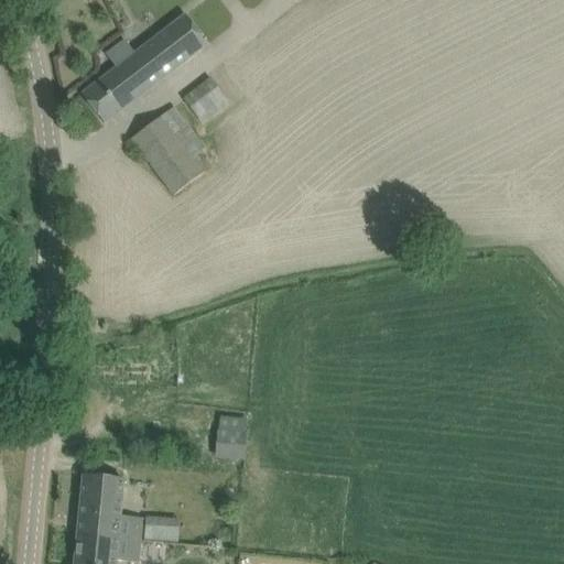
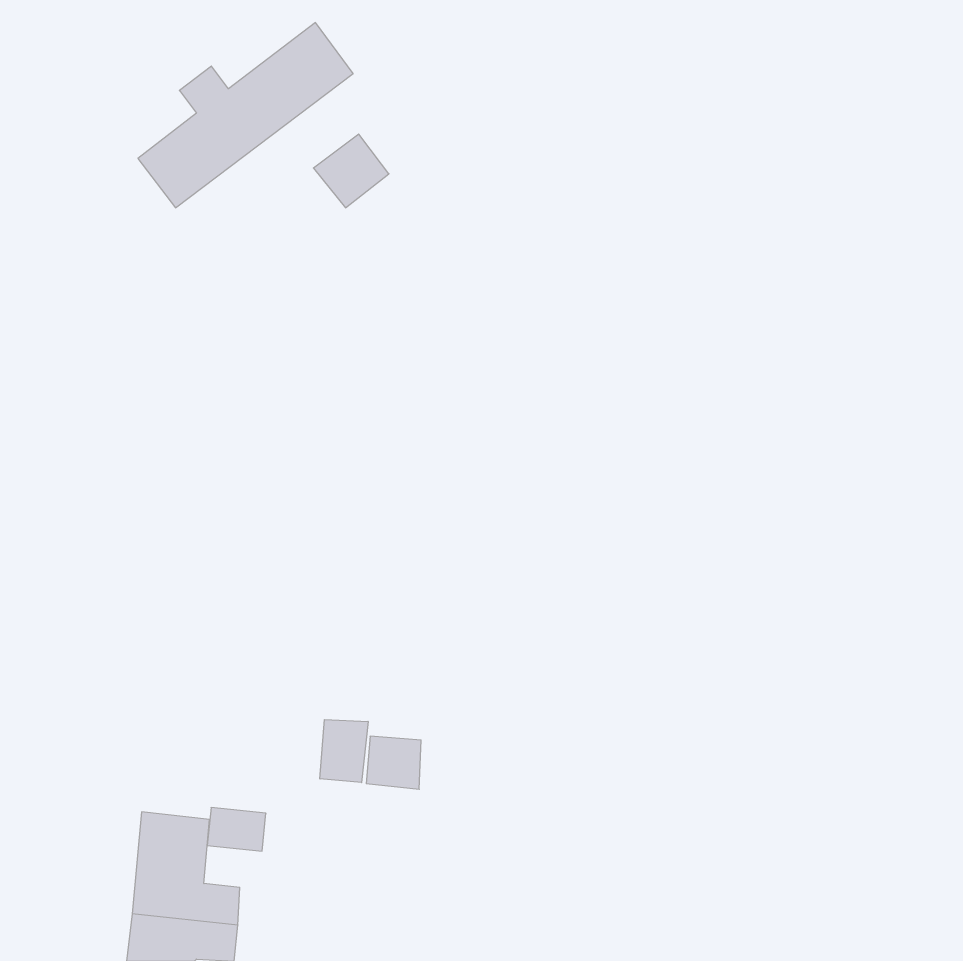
building: [130,106,203,194] -> none
building: none -> [320,720,368,783]
building: [144,513,178,539] -> [207,808,266,851]

